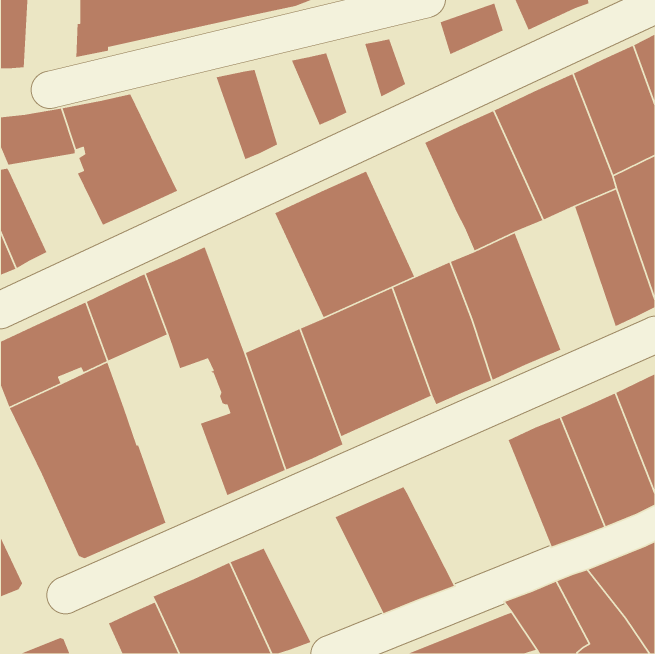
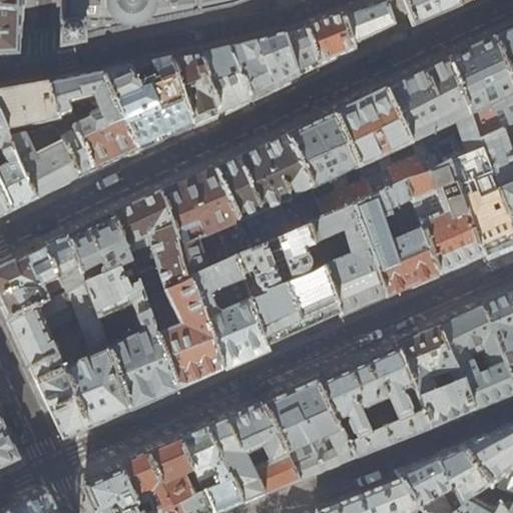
building: none -> [305,16,354,66]
building: none -> [255,34,298,88]
building: none -> [199,47,249,113]
building: none -> [102,60,191,149]
building: none -> [287,111,371,216]
building: none -> [8,131,80,197]
building: none -> [403,161,481,274]
building: none -> [160,166,252,276]
building: none -> [84,262,177,409]
building: none -> [319,349,431,458]
building: none -> [206,404,300,502]

